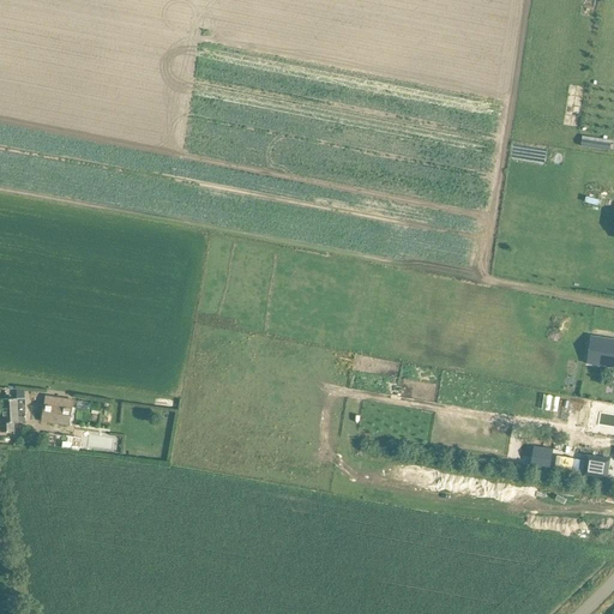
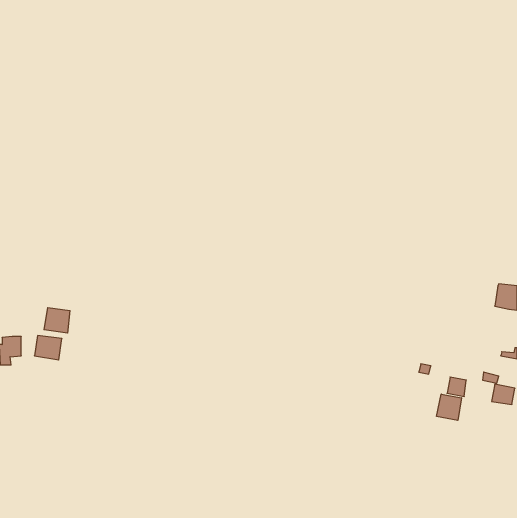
building: none -> [44,308,70,333]
building: none -> [437,394,461,420]

